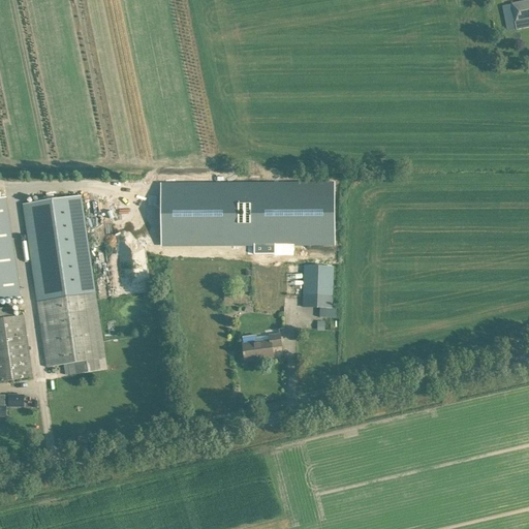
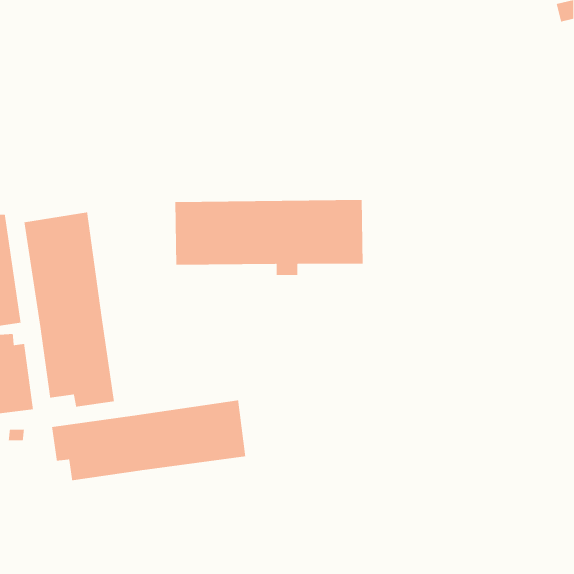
building: [302,266,333,307] -> none
building: [243,333,281,361] -> none
building: none -> [51,399,246,481]

